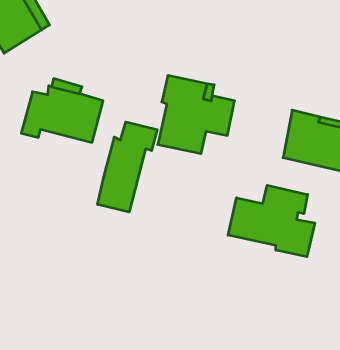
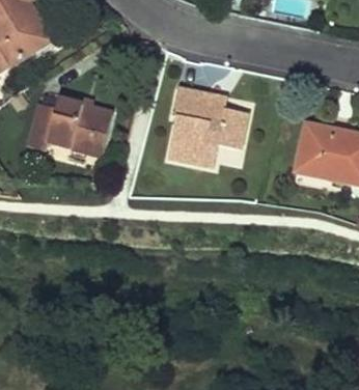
building: [98,122,157,212] -> none
building: [228,185,315,257] -> none

